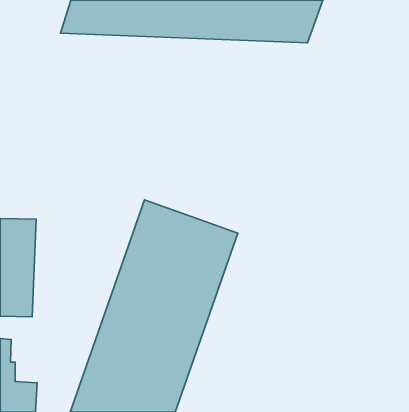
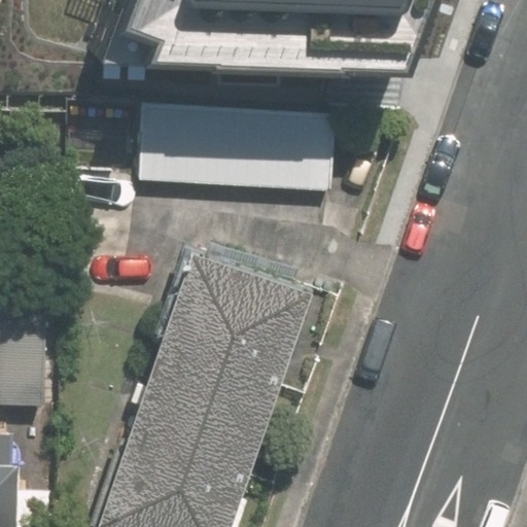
building: none -> [141,102,343,188]

